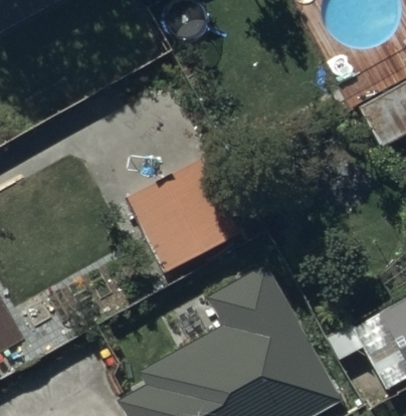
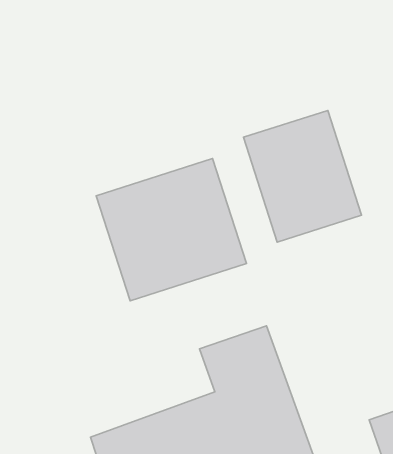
building: none -> [244,110,362,242]

